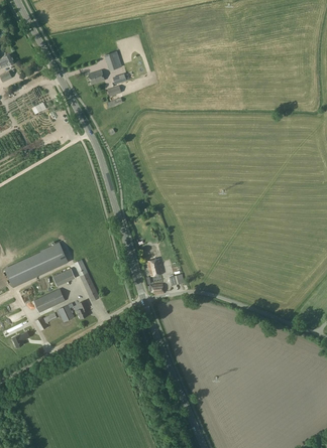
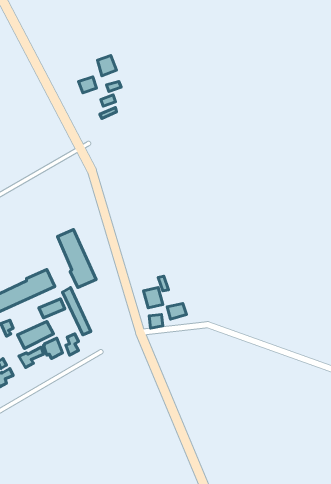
building: none -> [58,230,96,288]

